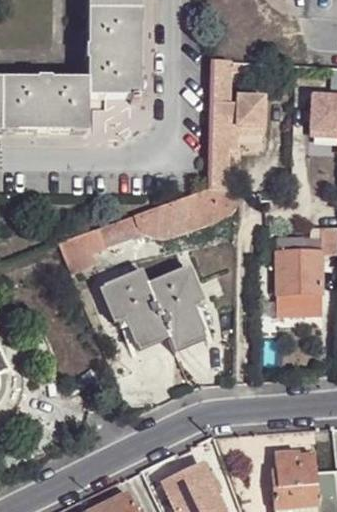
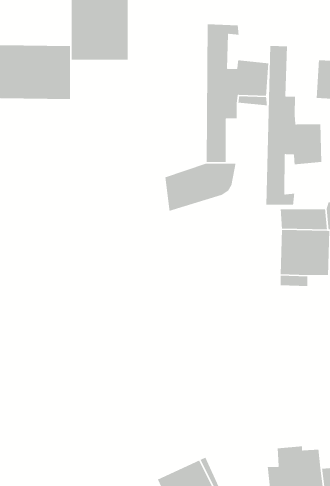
building: none -> [266,45,322,206]
building: [61,203,175,273] -> none
building: [102,264,208,350] -> none

